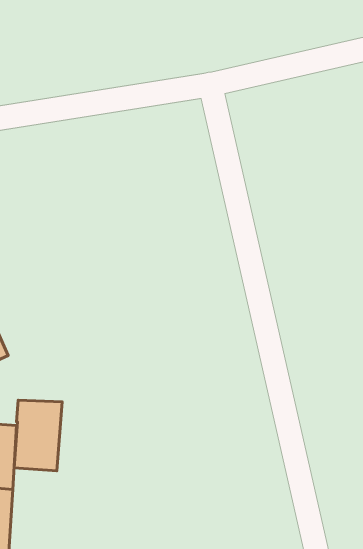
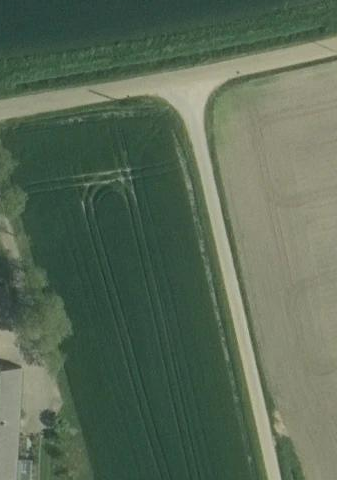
building: [14,400,62,471] -> none

